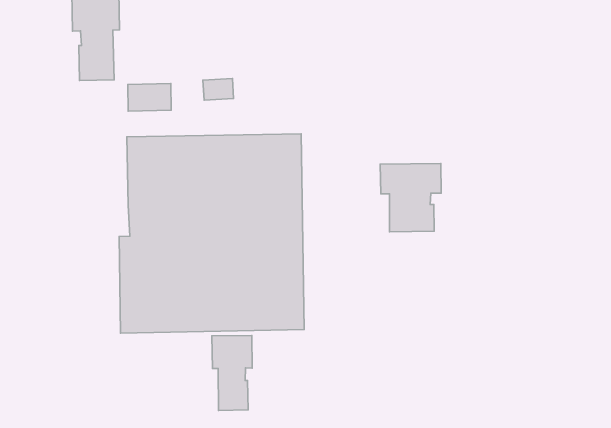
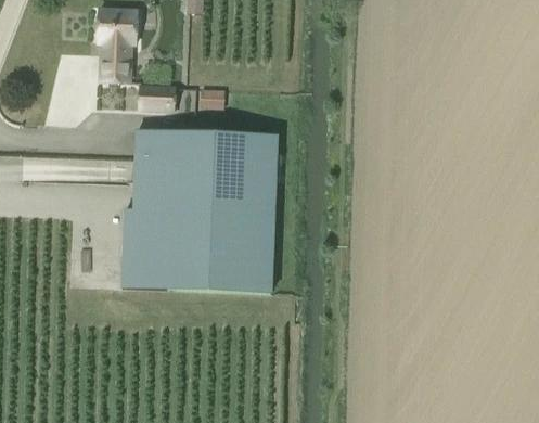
building: [380,163,441,232] -> none
building: [212,335,252,410] -> none

